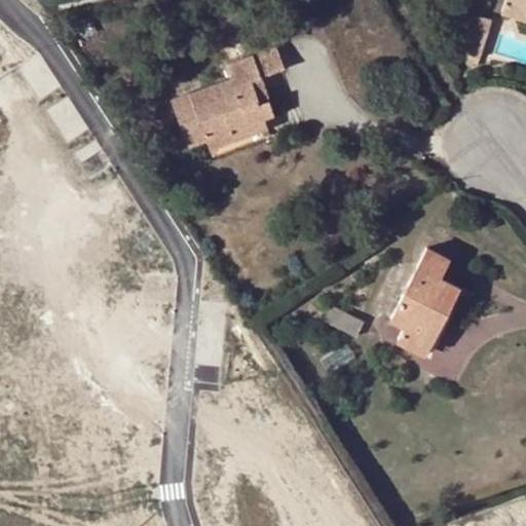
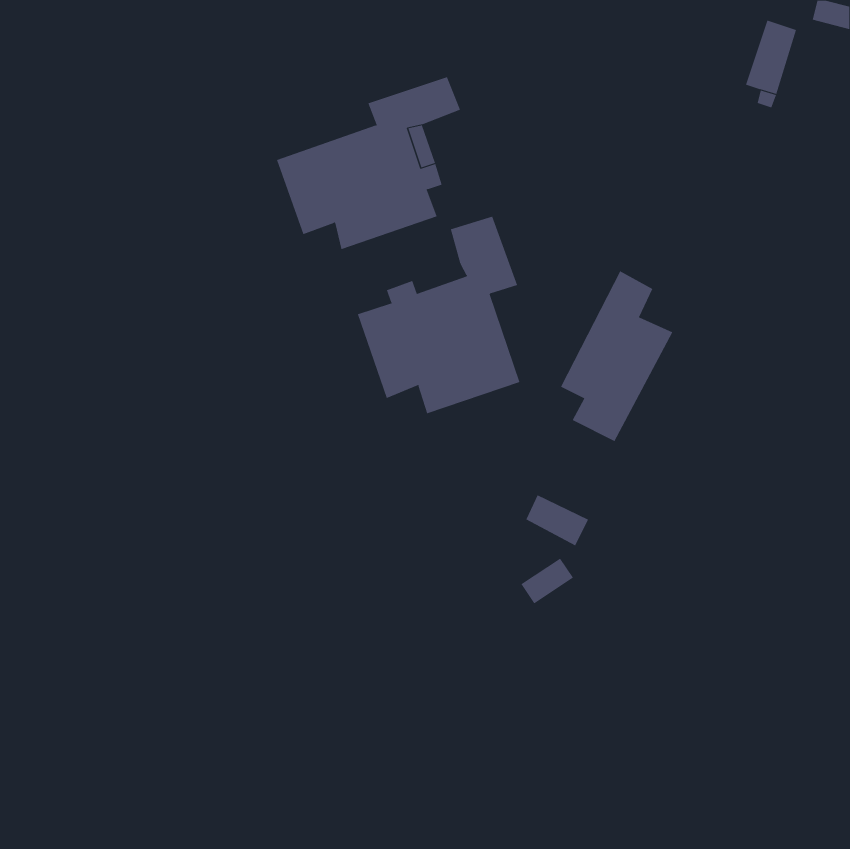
building: none -> [357,216,520,414]
building: [390,249,460,354] -> [560,270,673,442]

